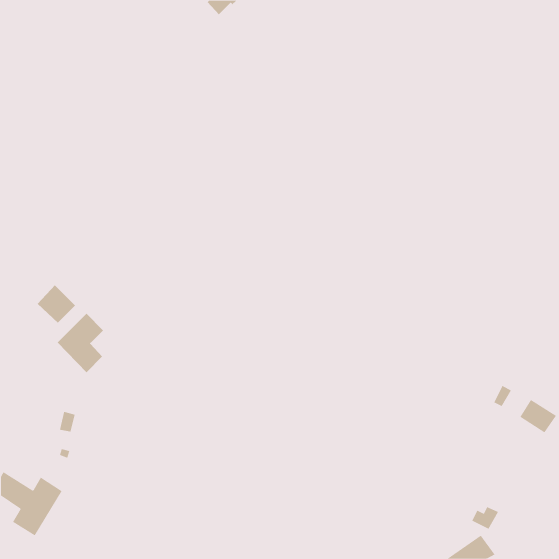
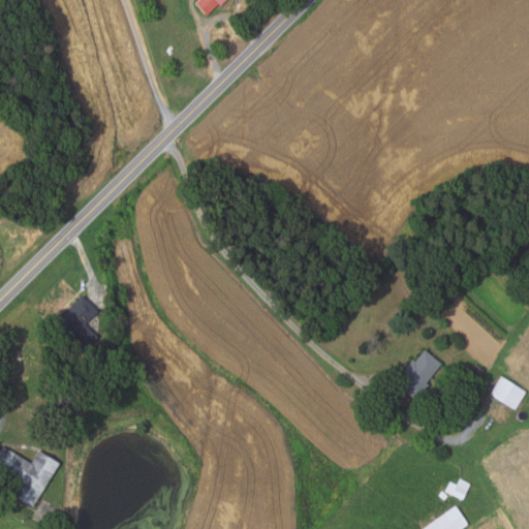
building: [37,285,76,324] -> none
building: none -> [397,347,441,401]

